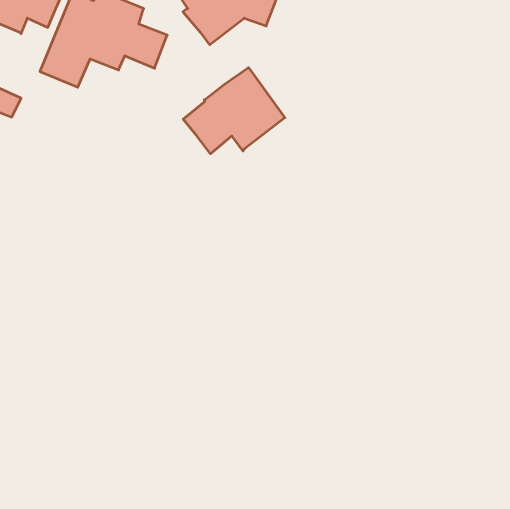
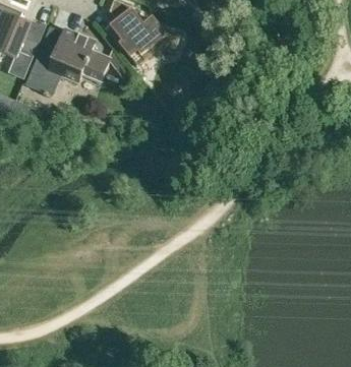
building: [183,68,285,154] -> none

